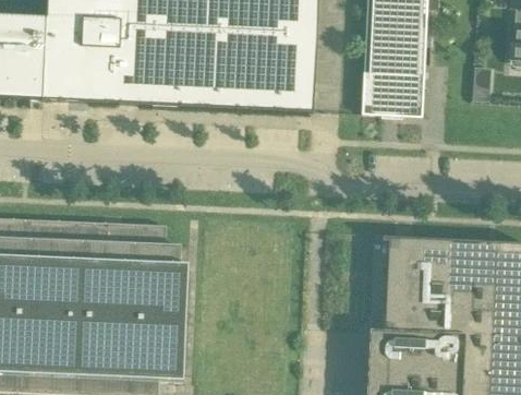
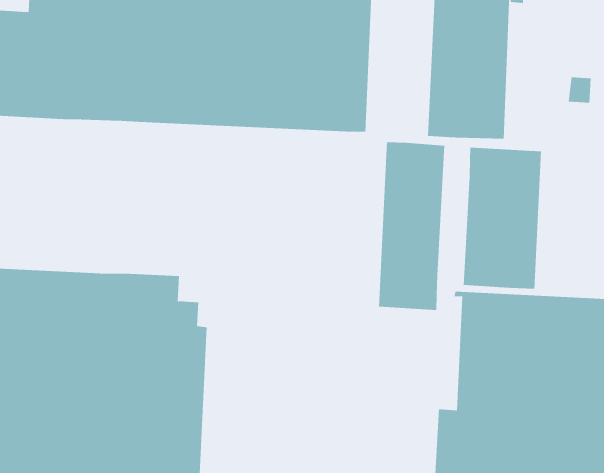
building: none -> [379,141,445,311]
building: none -> [463,147,542,290]

